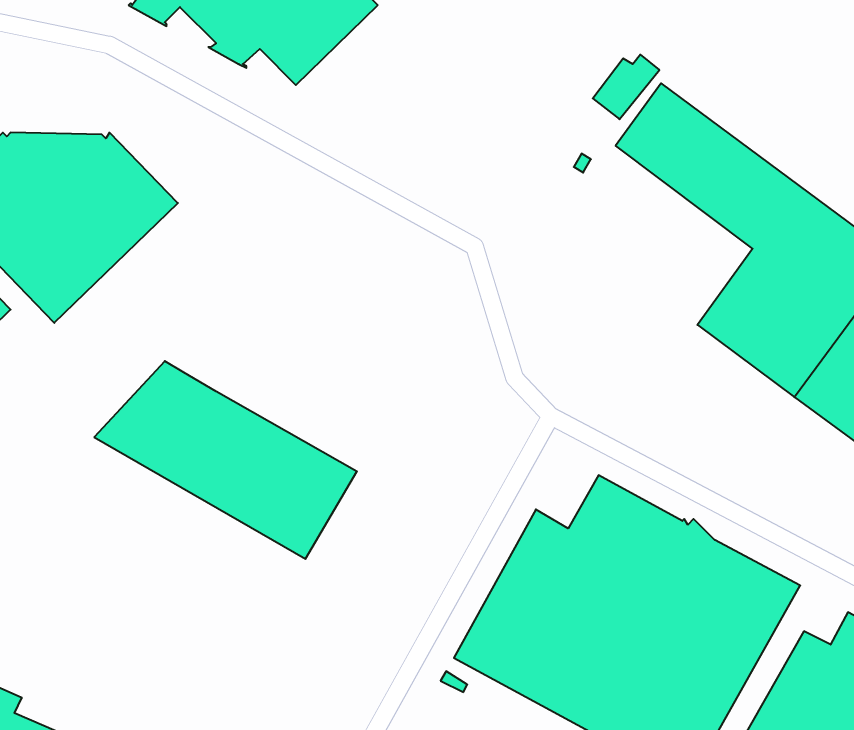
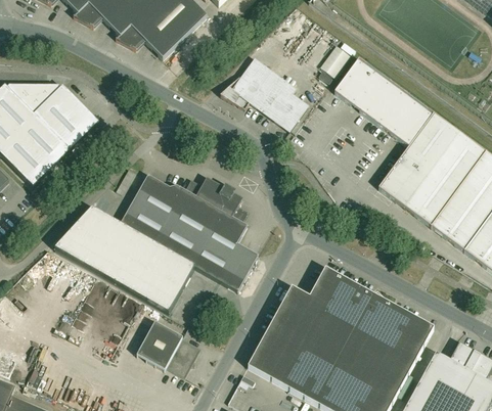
building: none -> [220,62,308,129]
building: none -> [120,173,259,289]
building: none -> [136,320,199,375]

